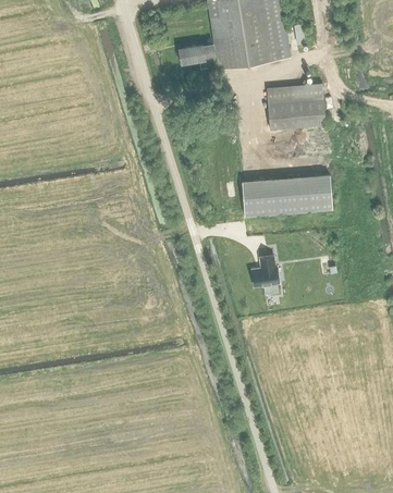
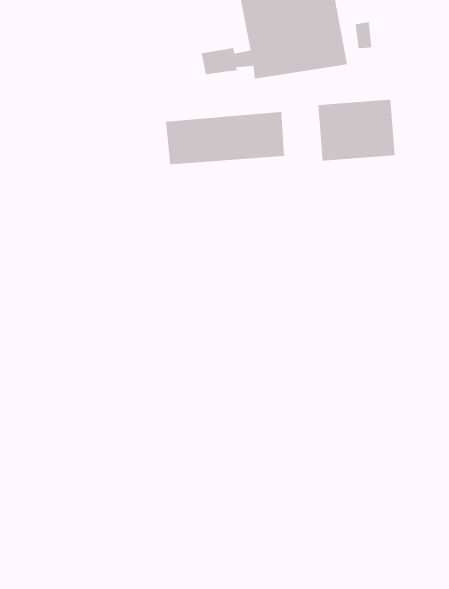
building: [242,175,332,215] -> [165,111,285,165]
building: [251,256,279,287] -> none

